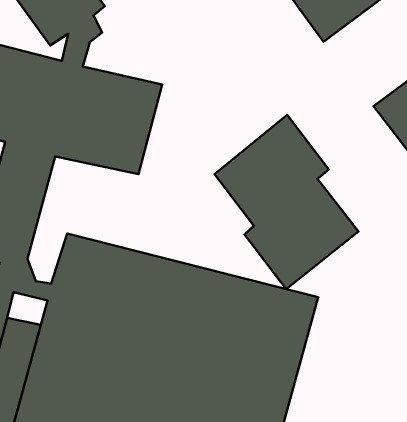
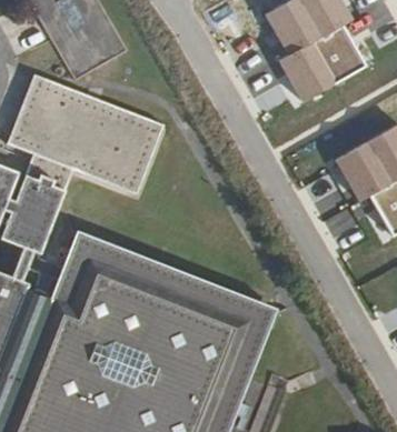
building: [214,115,358,289] -> none

